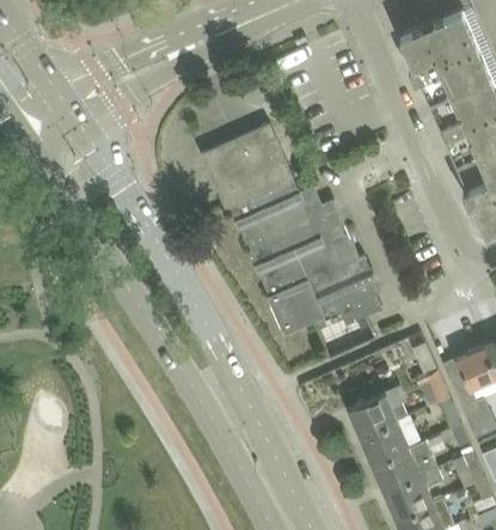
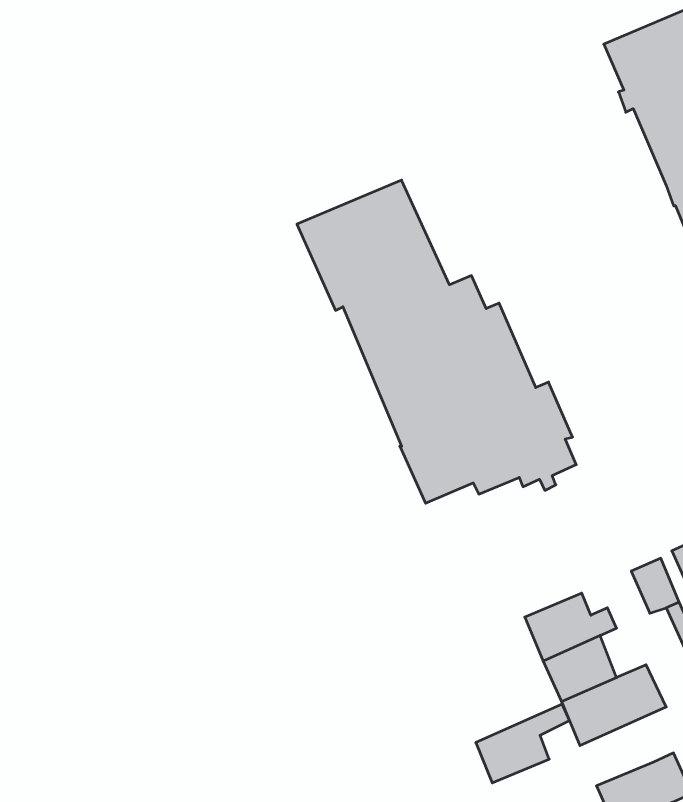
building: [384,467,445,518] -> [476,704,569,783]

